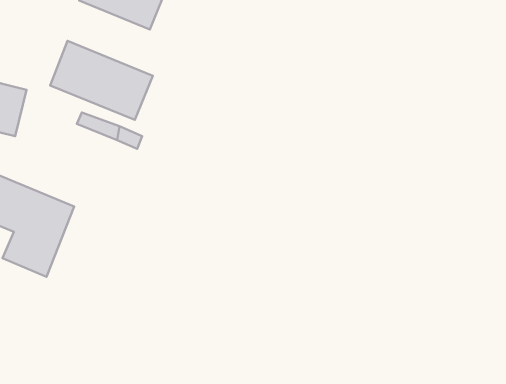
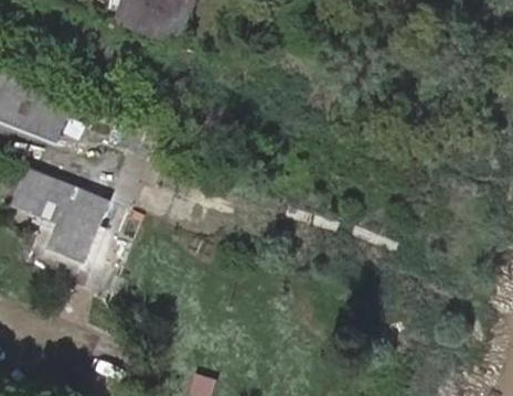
building: [50,41,153,120] -> none

